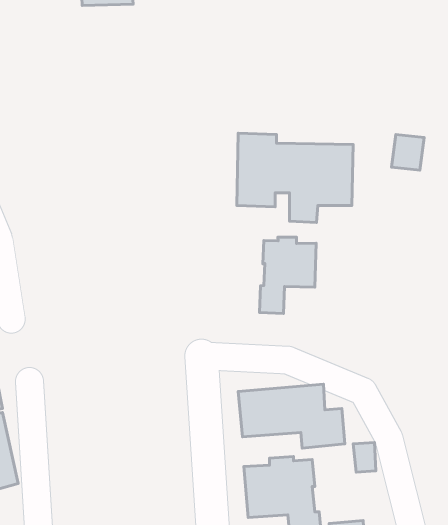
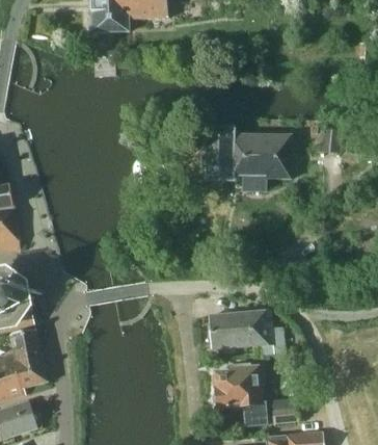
building: [259,237,316,313] -> none

